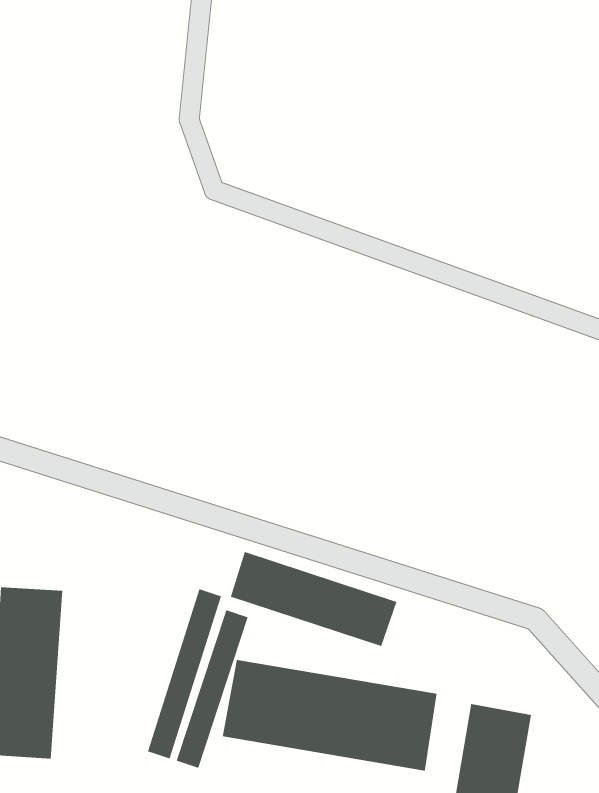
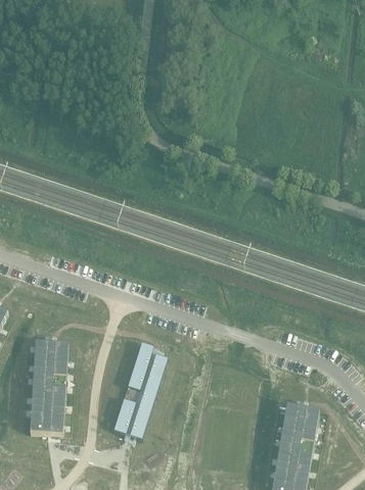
building: [230,551,397,647] -> none
building: [222,659,437,772] -> none

